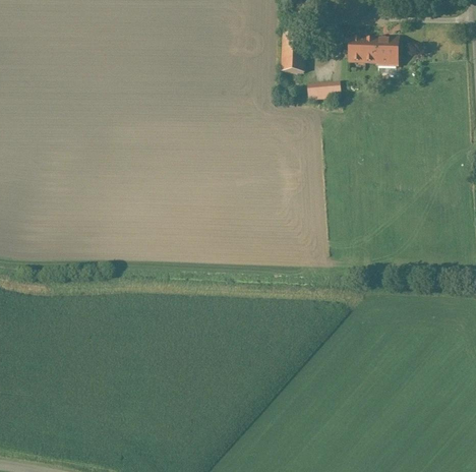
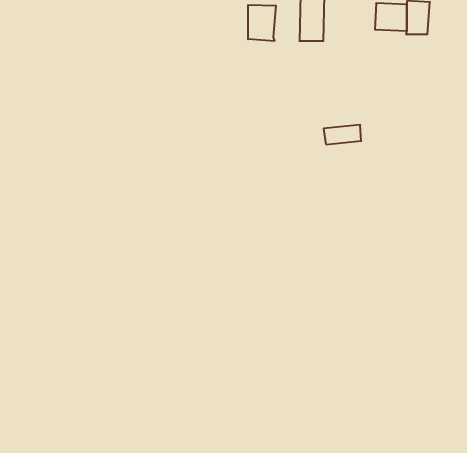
building: none -> [248,5,276,41]
building: [306,81,340,99] -> [324,125,361,144]

